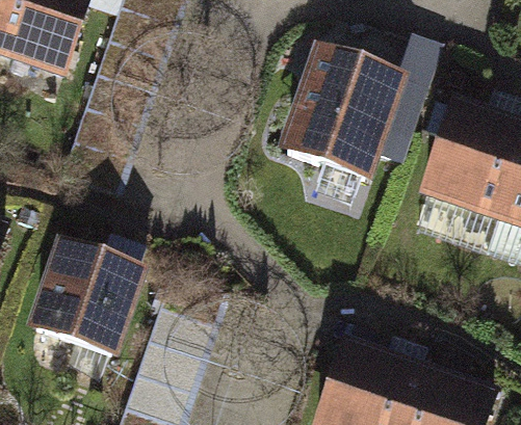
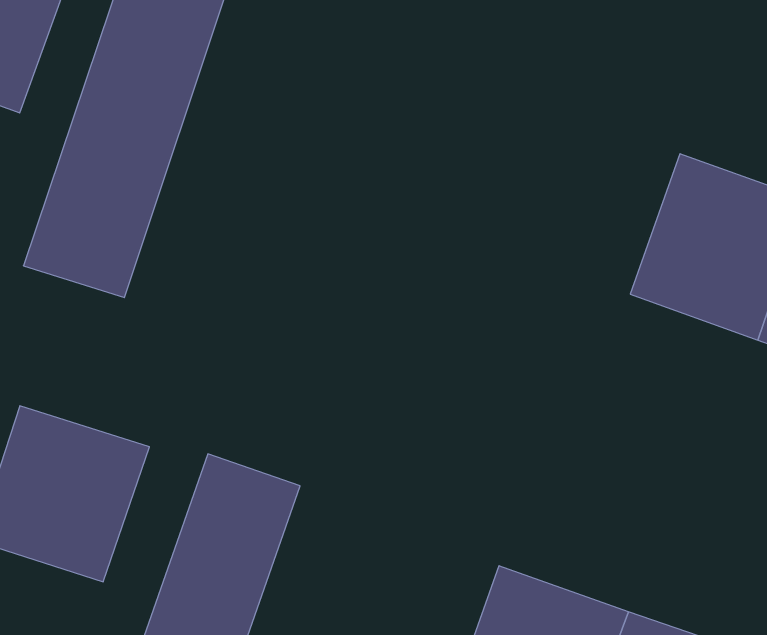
building: [286,50,398,179] -> none

